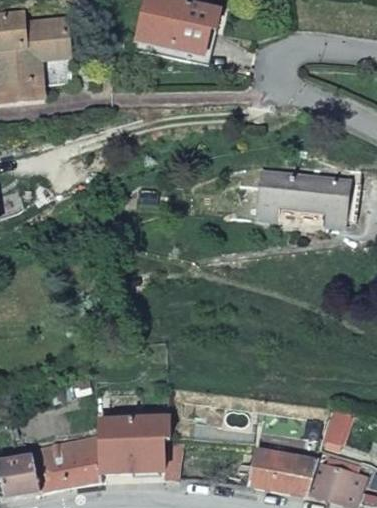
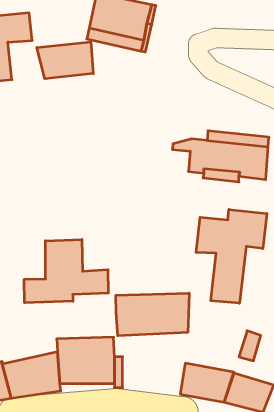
building: none -> [37,42,93,79]
building: none -> [196,209,267,303]
building: none -> [24,239,108,303]
building: none -> [116,293,189,336]

